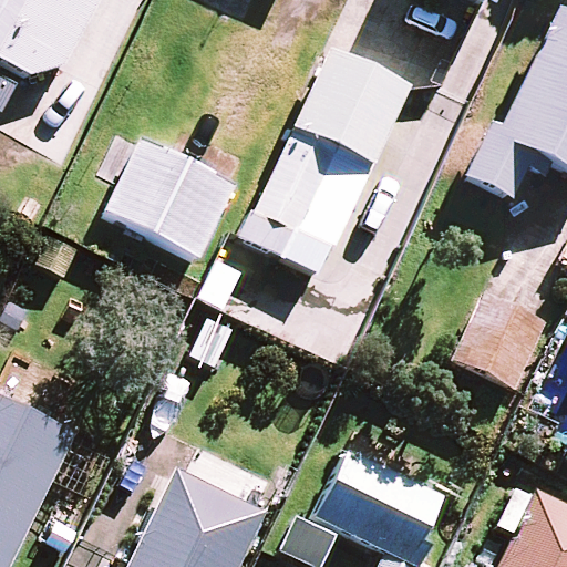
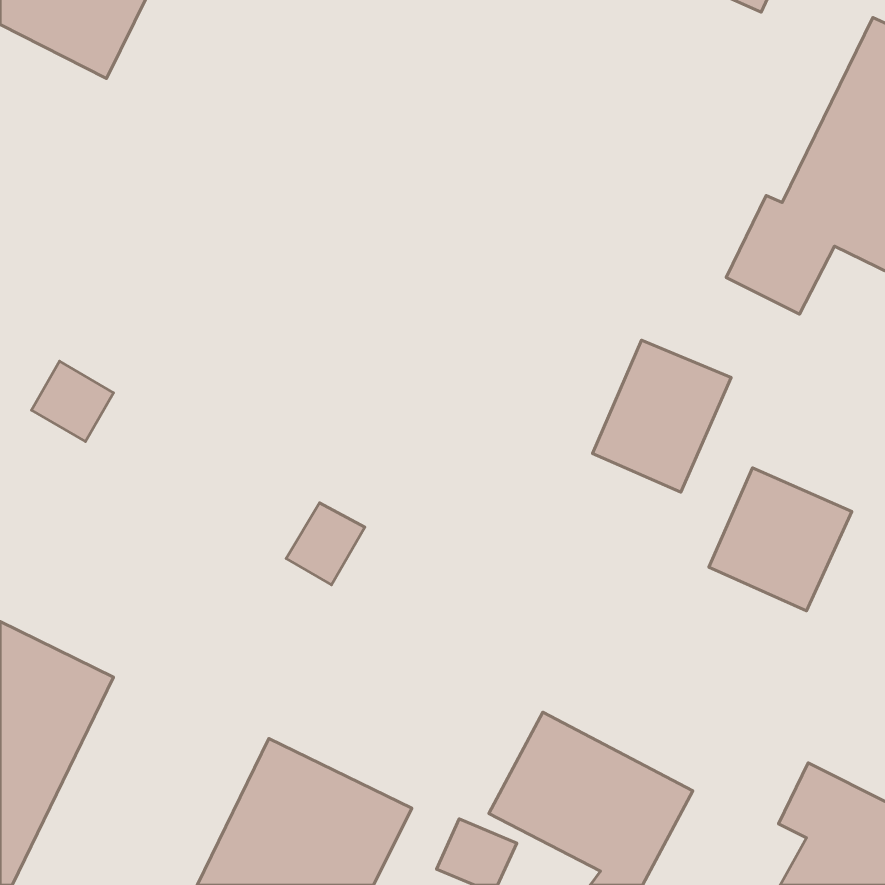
building: [243,52,406,258] -> none
building: [105,142,231,257] -> none
building: none -> [593,340,731,492]

